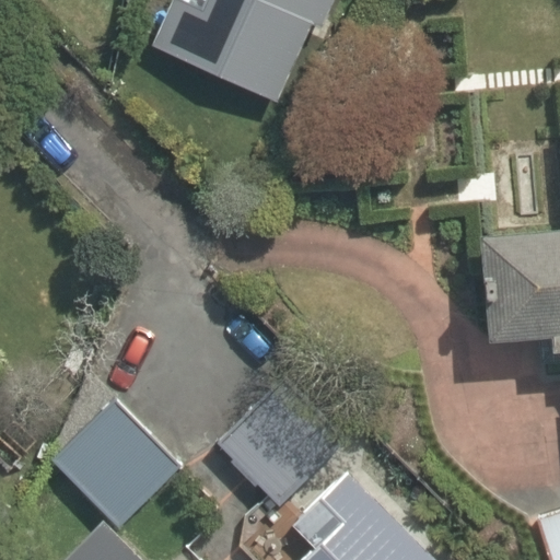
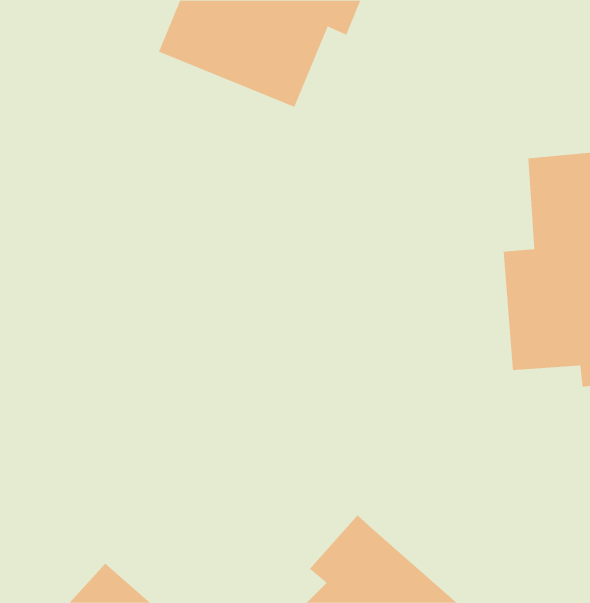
building: [219,386,336,503] -> none
building: [42,389,182,528] -> none

